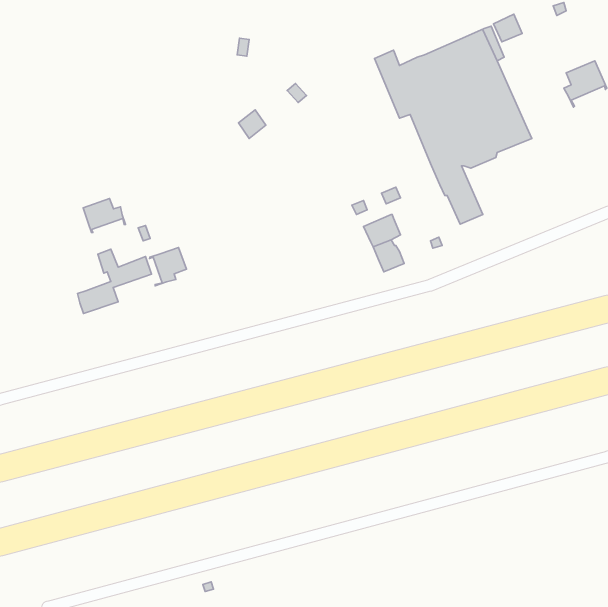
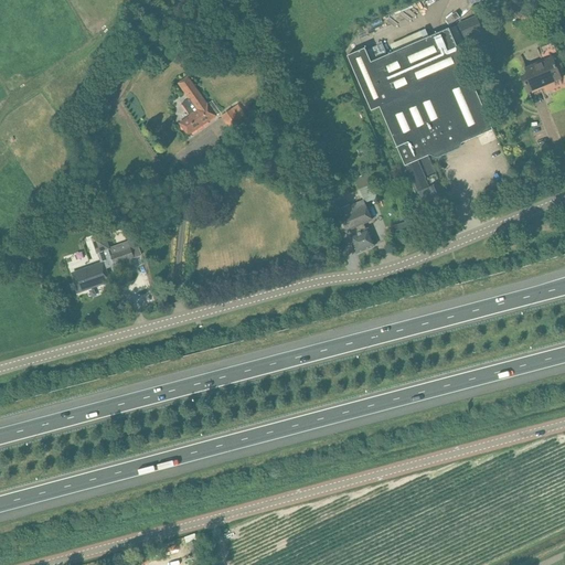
building: none -> [178,75,214,134]
building: [83,198,126,233] -> none
building: [149,247,187,286] -> none

